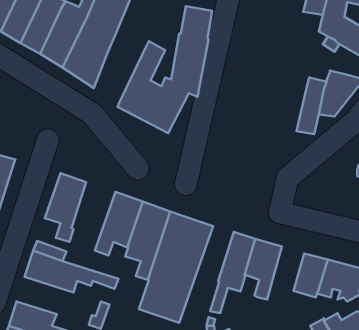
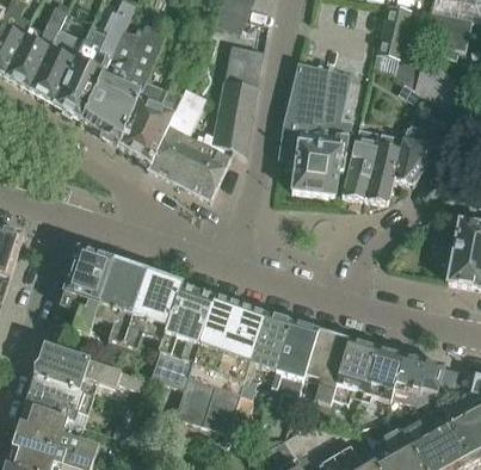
building: none -> [280,63,352,194]
building: none -> [119,79,183,162]
building: none -> [341,125,382,197]
building: none -> [92,259,146,342]
building: none -> [238,313,290,396]
building: none -> [327,338,376,413]
building: none -> [25,375,94,423]

